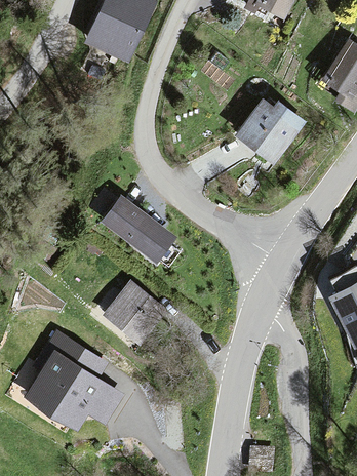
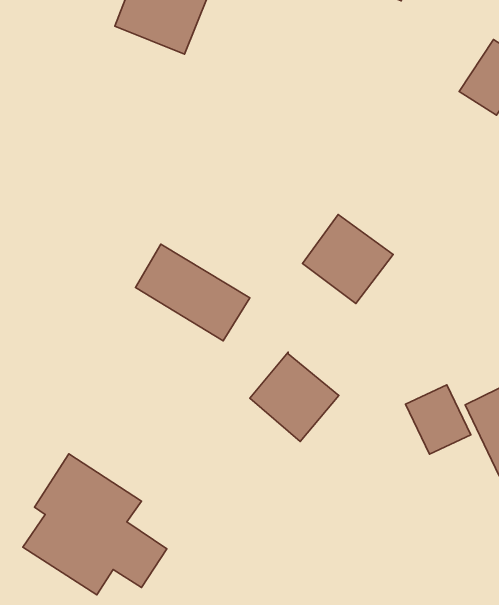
building: [235,105,298,166] -> [303,214,393,303]
building: none -> [405,385,471,454]
building: [104,284,165,346] -> [250,352,339,441]

